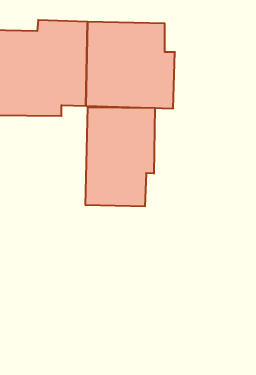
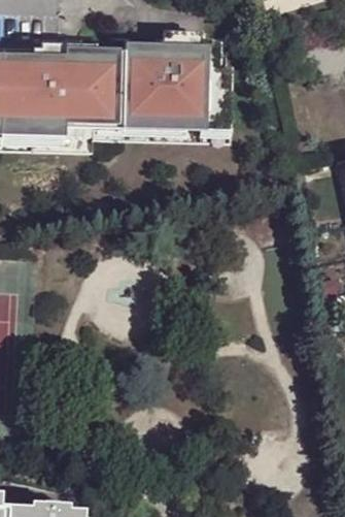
building: [86,107,155,206] -> none

